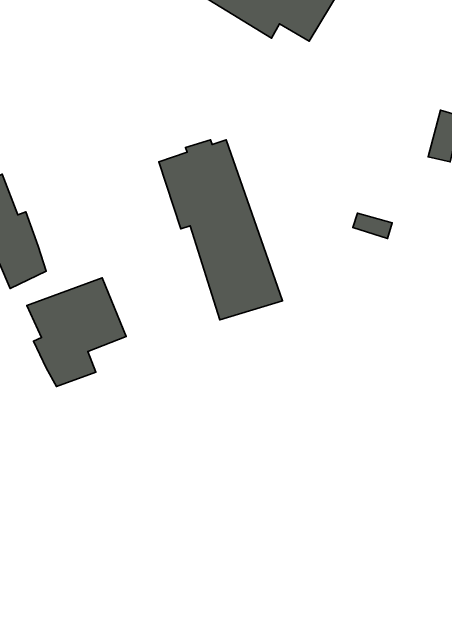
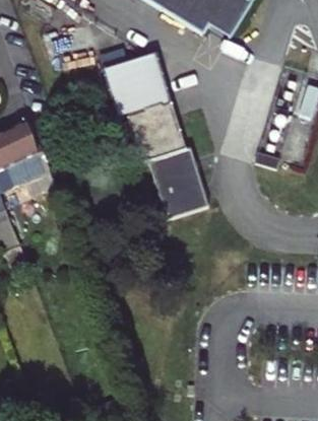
building: none -> [116,60,171,113]
building: [27,278,126,387] -> none

